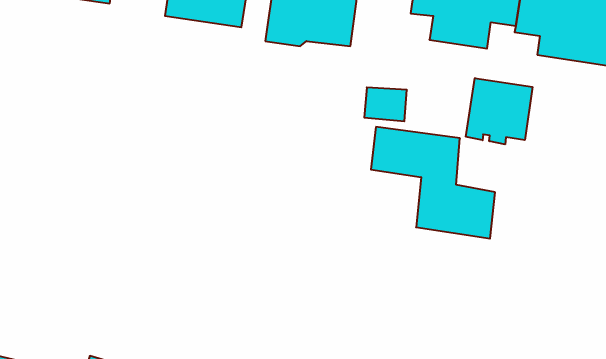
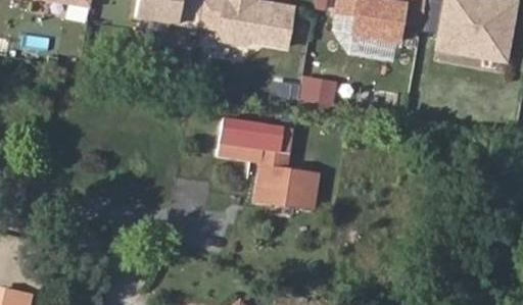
building: [466,78,532,144] -> none
building: [371,127,495,239] -> [216,122,317,213]

